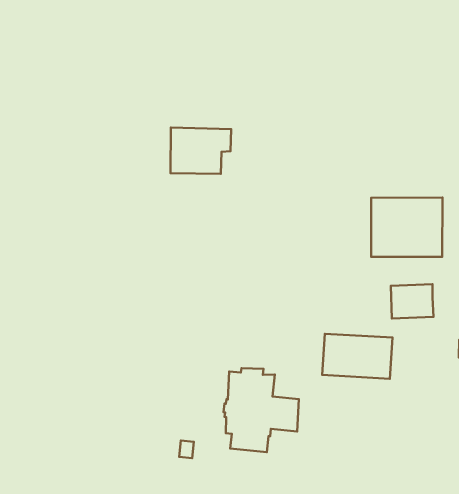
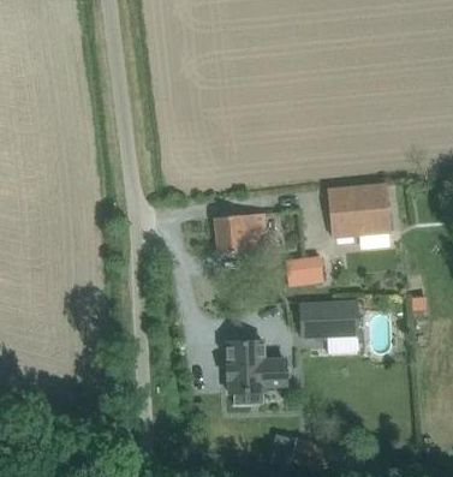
building: [171,127,231,174] -> [214,214,264,255]
building: [391,284,434,318] -> [286,256,323,287]

